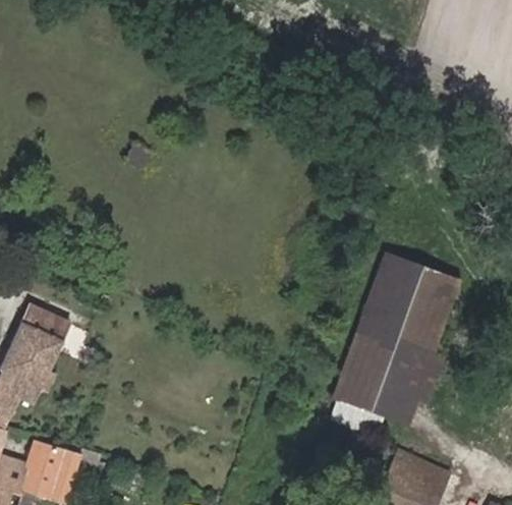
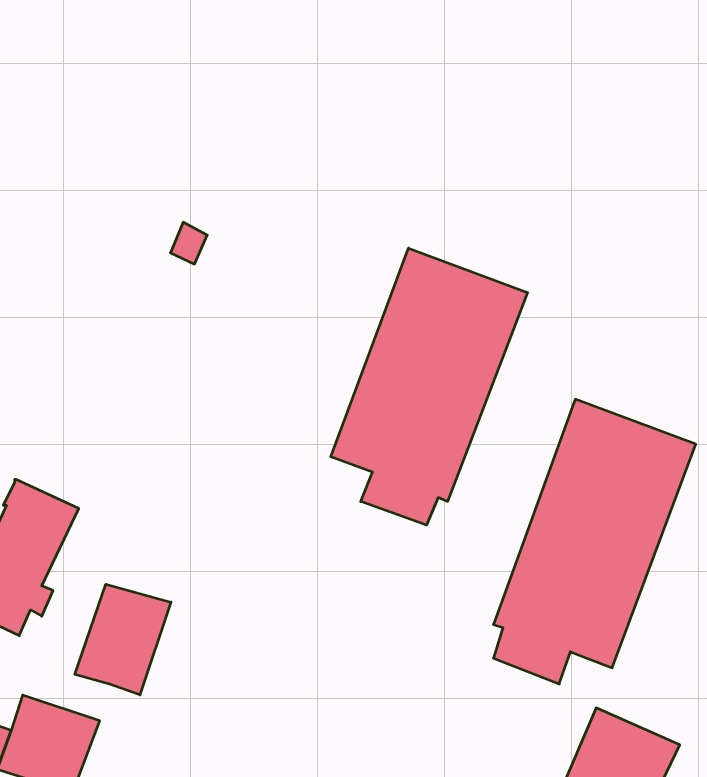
building: none -> [331,248,528,525]
building: none -> [75,584,171,695]

